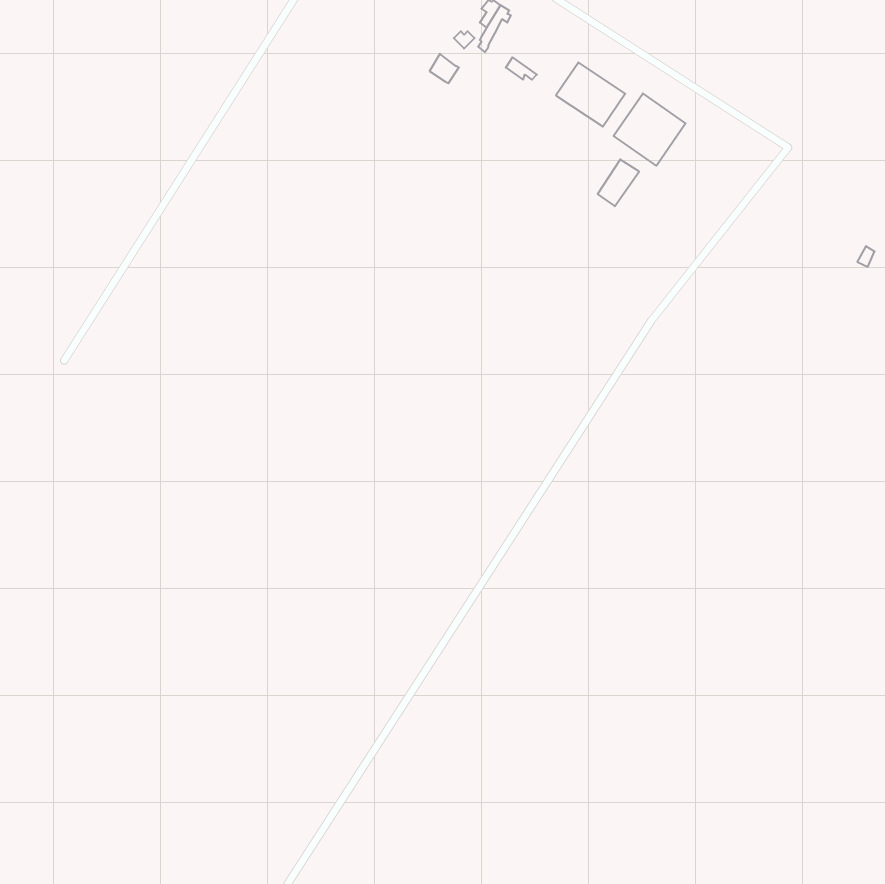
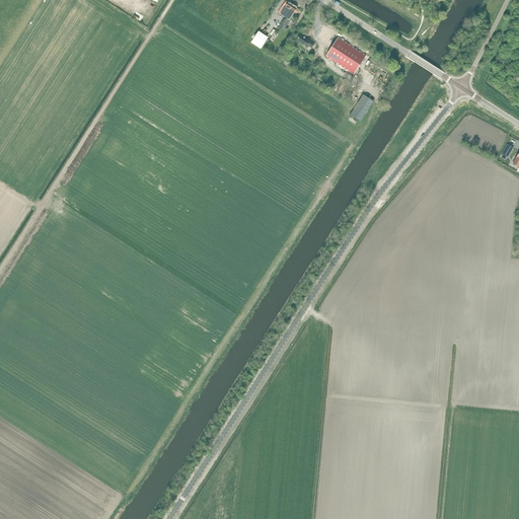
building: [614,93,686,166] -> none

